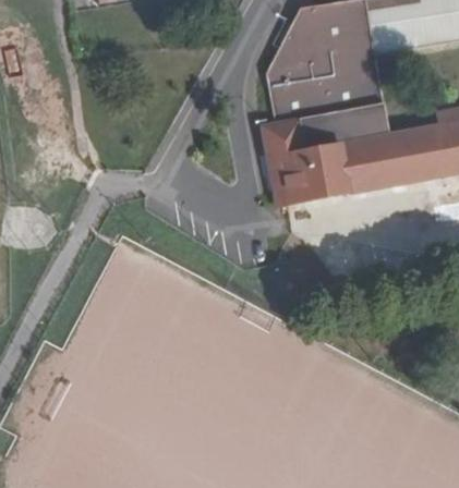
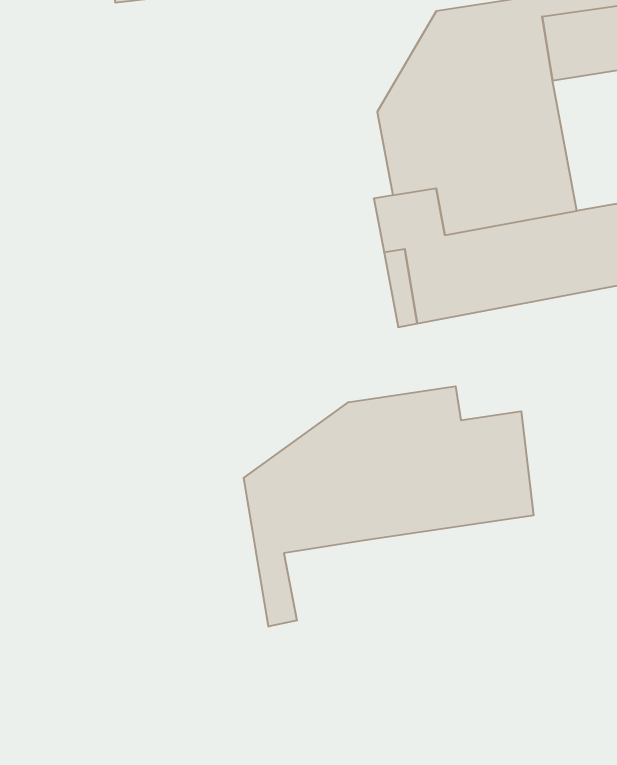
building: none -> [244,386,534,627]

